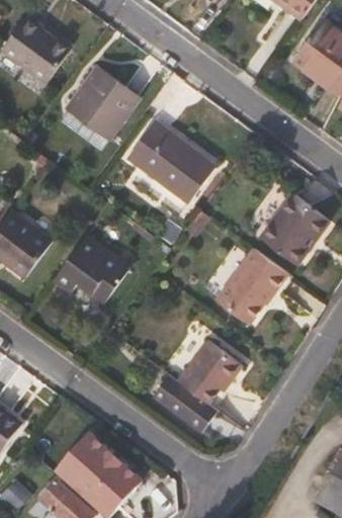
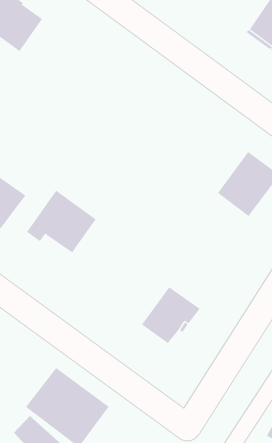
building: [66,68,138,139] -> none
building: [127,122,213,203] -> none
building: [217,247,287,321] -> none
building: [155,374,219,430] -> none

